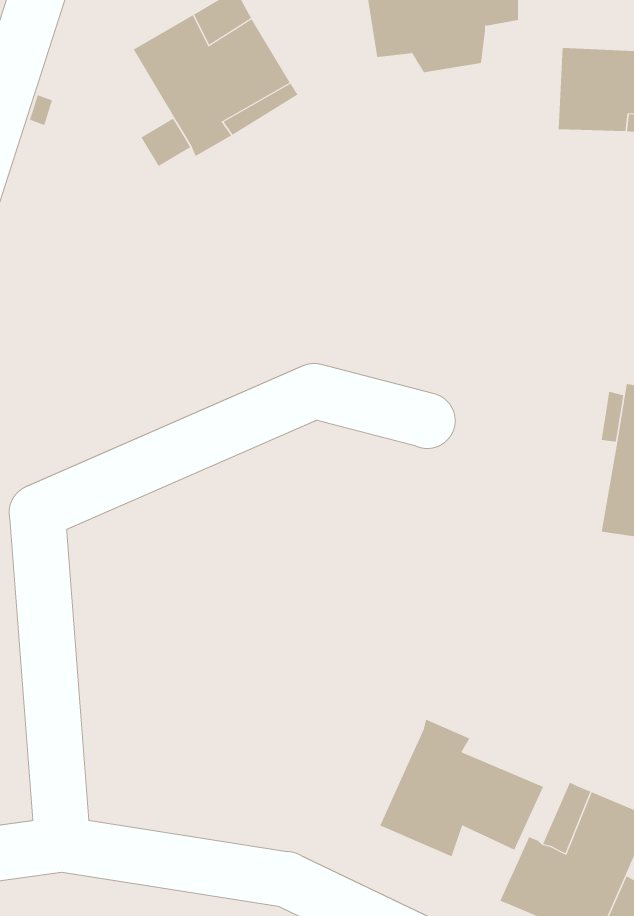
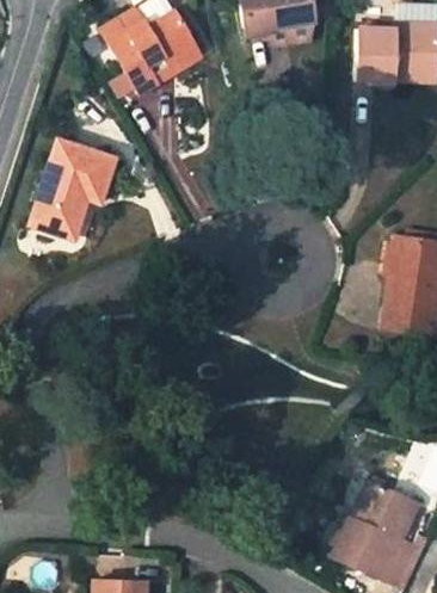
building: none -> [30,141,115,237]
building: [380,719,544,857] -> none

